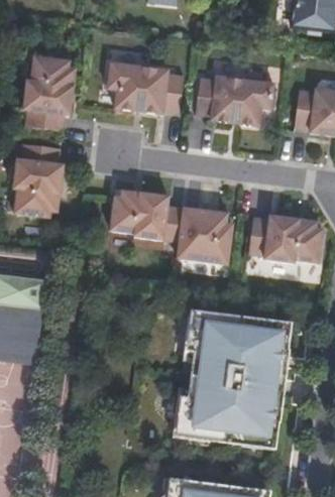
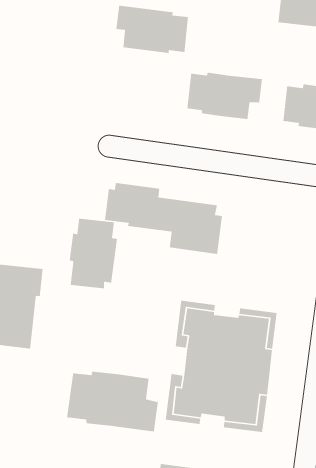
building: [23,56,76,130] -> none
building: [108,63,184,113] -> [115,5,189,54]
building: [13,143,64,217] -> [69,218,118,289]
building: [248,215,323,262] -> none
building: none -> [66,371,159,433]

